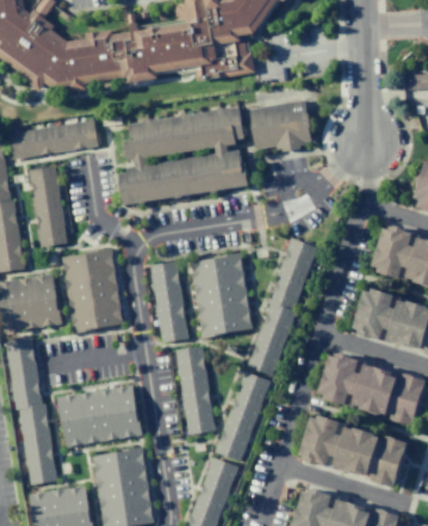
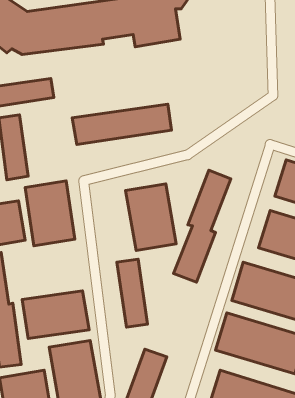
building: [247,101,308,148] -> none
building: [122,107,244,156] -> none
building: [149,262,187,342] -> none
building: [212,373,269,463] -> none

